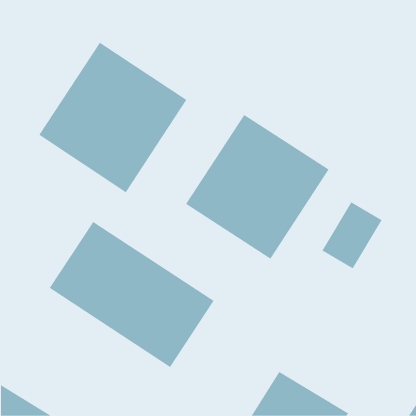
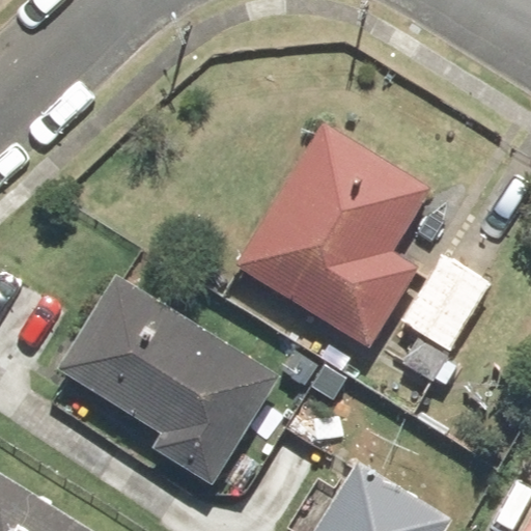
building: [39,42,187,193] -> none

